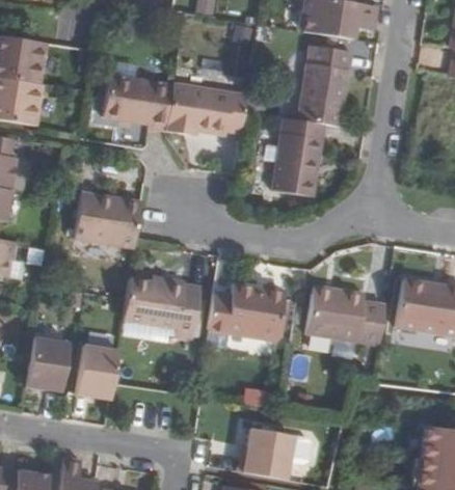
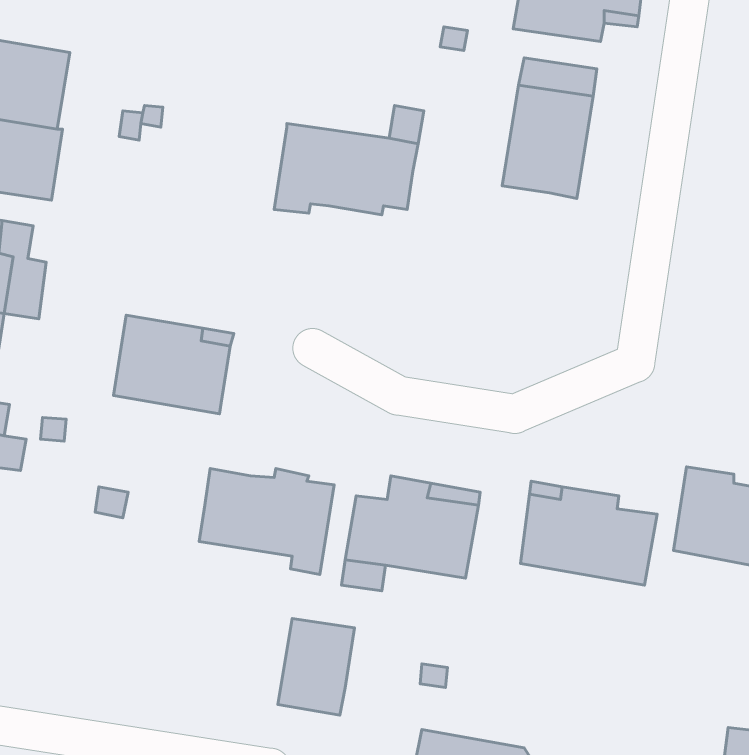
building: [103,74,173,131] -> none
building: [271,115,323,194] -> none
building: [26,338,69,393] -> none
building: [75,347,118,402] -> [278,619,354,715]

